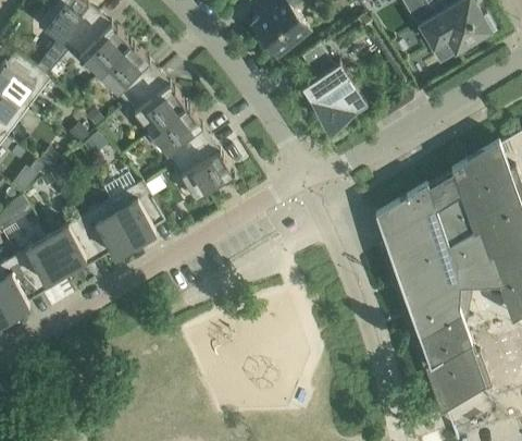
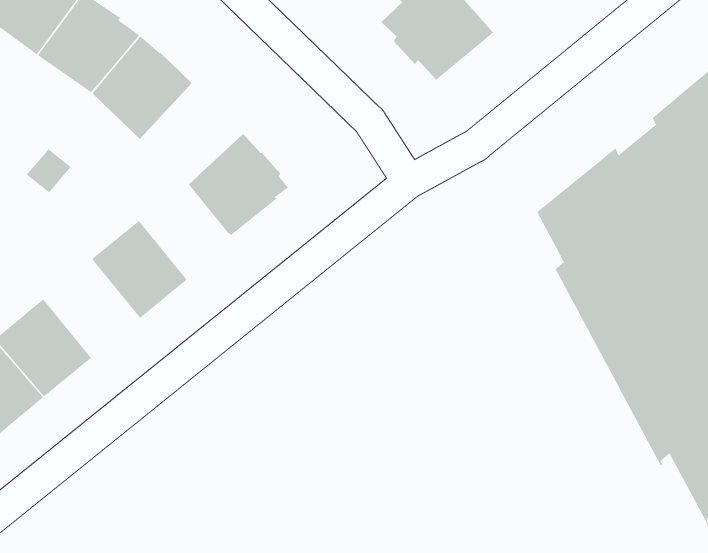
building: [150,107,211,166] -> none
building: [79,200,134,258] -> none

